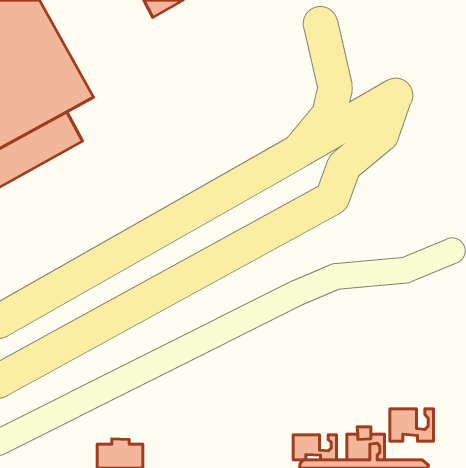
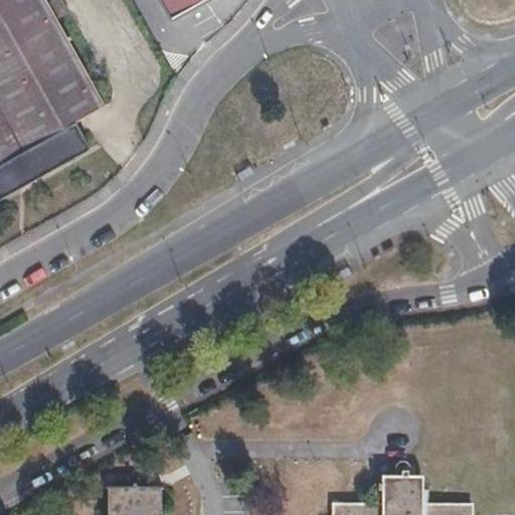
building: [390,409,433,441] -> none
building: [293,435,337,460] -> none

